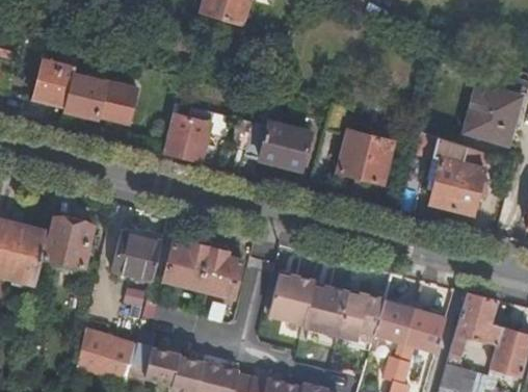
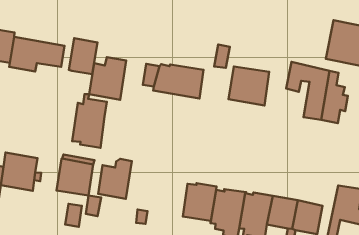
building: none -> [69,38,98,74]
building: none -> [72,94,107,148]
building: [199,240,242,295] -> none

